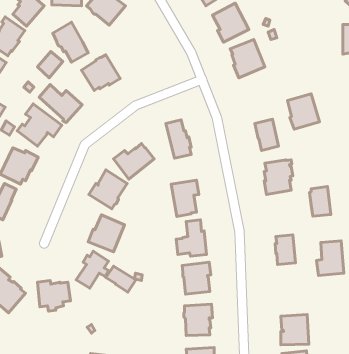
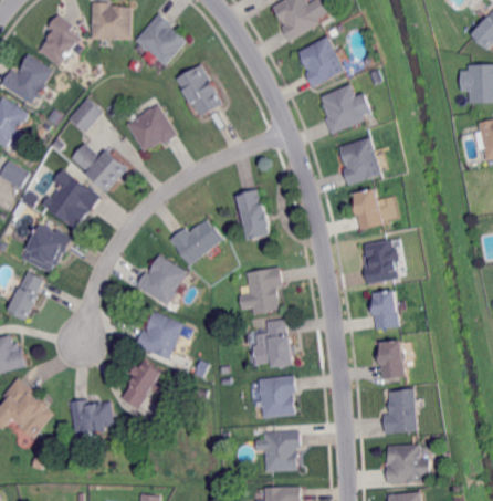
building: [53,22,88,62] -> [174,64,220,116]
building: [287,94,320,129] -> [339,137,381,184]
building: [310,186,331,216] -> [371,290,399,328]
building: [317,241,344,276] -> [382,389,418,435]
building: [106,266,136,292] -> none

